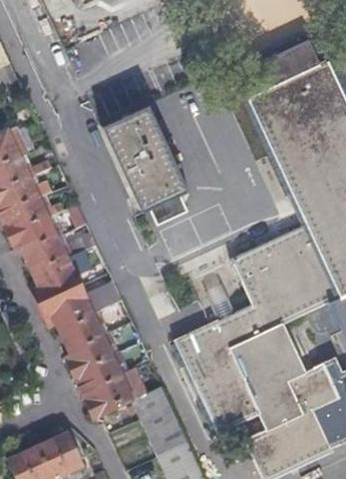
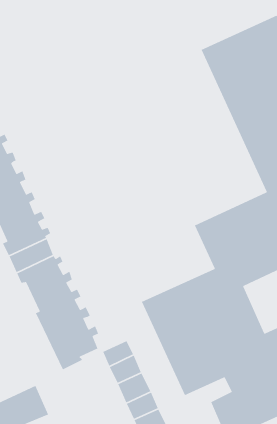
building: [106,109,192,215] -> none

